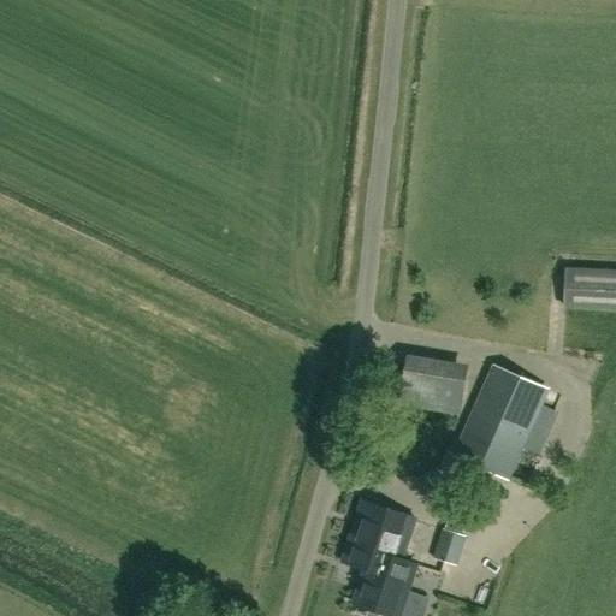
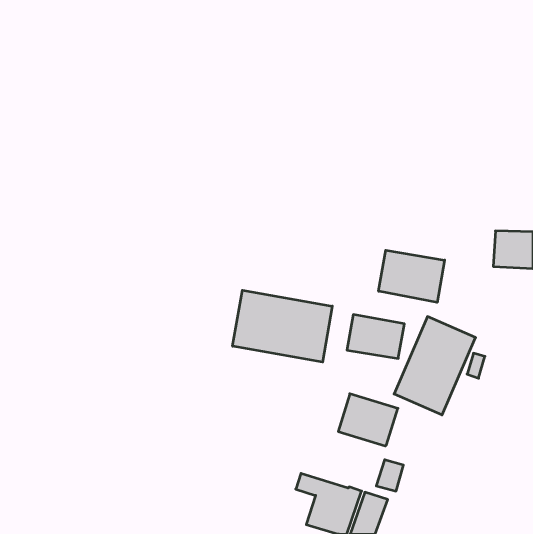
building: none -> [379,250,445,302]
building: none -> [233,290,332,362]
building: [346,502,415,562] -> [338,394,398,446]

